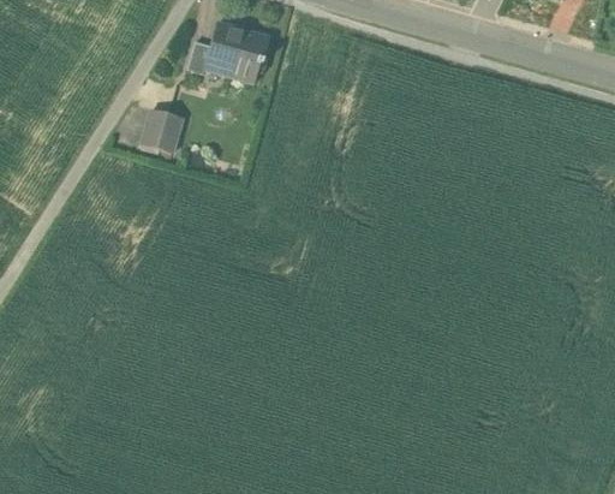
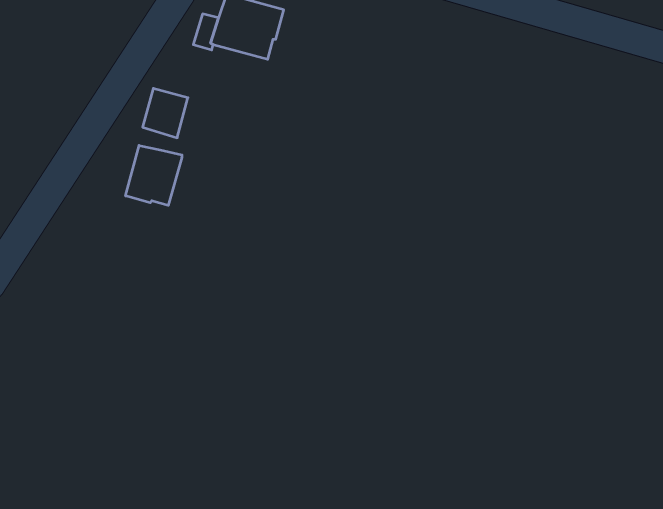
building: none -> [126,145,182,205]

